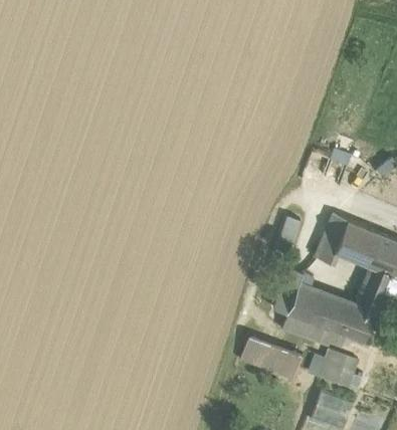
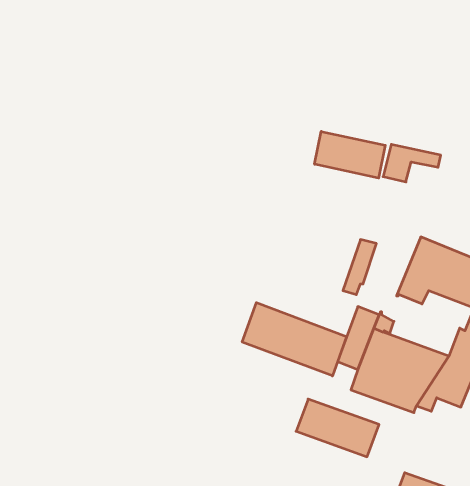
building: none -> [315,131,385,178]
building: none -> [242,303,347,376]
building: [320,350,359,387] -> none

